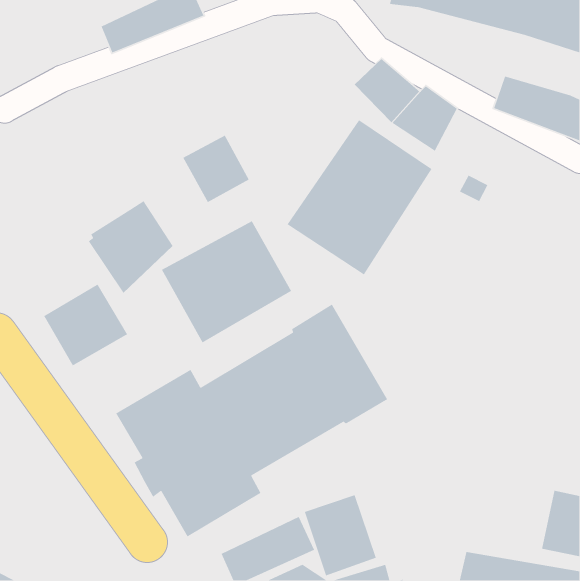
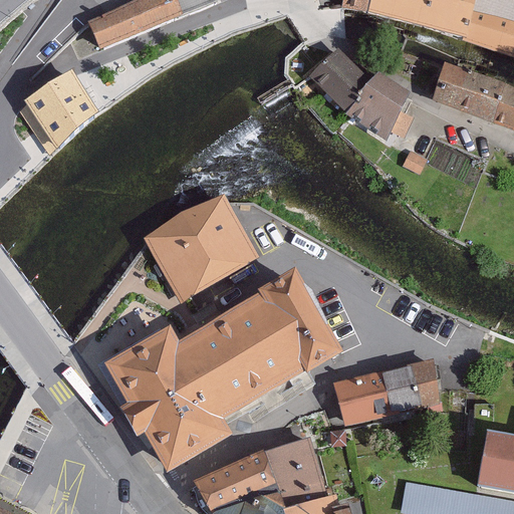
building: [287,119,433,275] -> none
building: [182,135,250,203] -> none
building: [88,200,173,294] -> [22,70,97,153]
building: [43,284,128,366] -> none
building: none -> [335,357,446,429]

